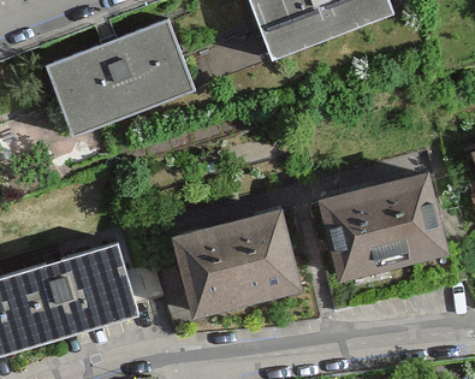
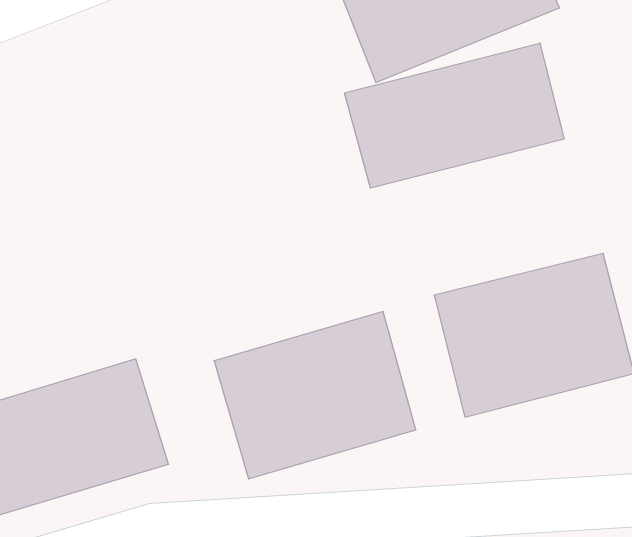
building: [46,24,196,141] -> none
building: none -> [344,43,564,188]

